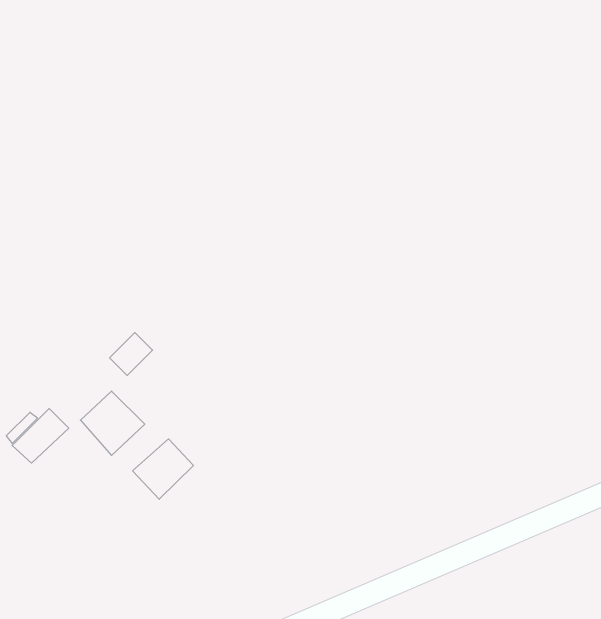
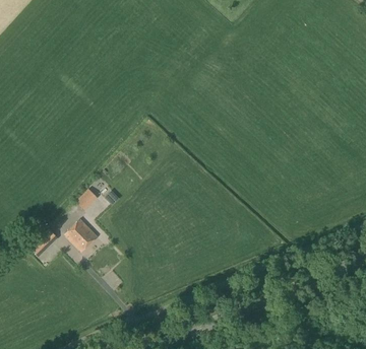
building: [133,439,193,499] -> none

